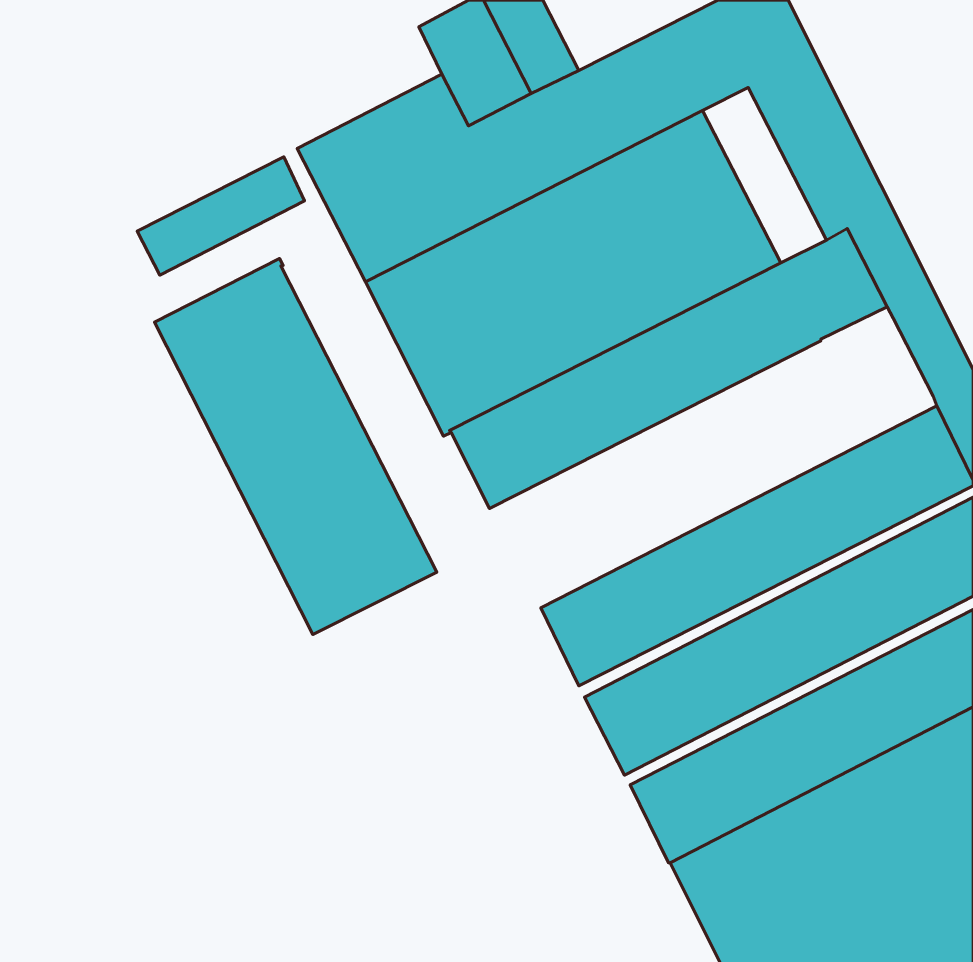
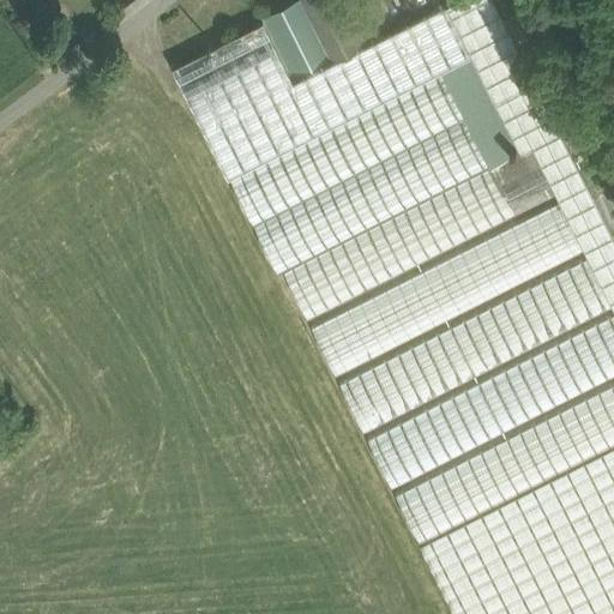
building: none -> [443,62,520,173]
building: [137,157,305,275] -> [173,26,278,101]
building: [154,259,437,635] -> none
building: none -> [312,207,588,384]

